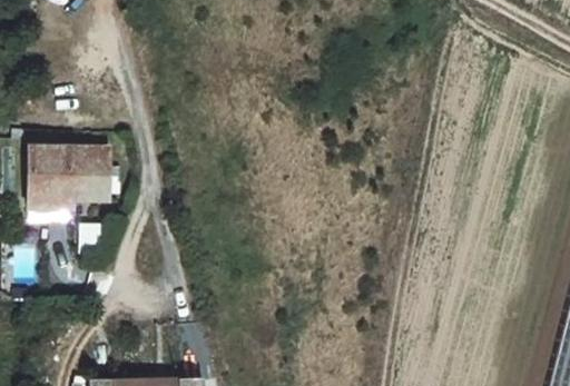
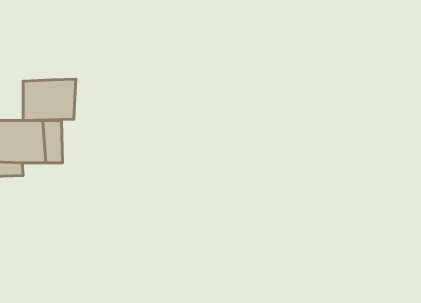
building: none -> [23,79,76,120]

